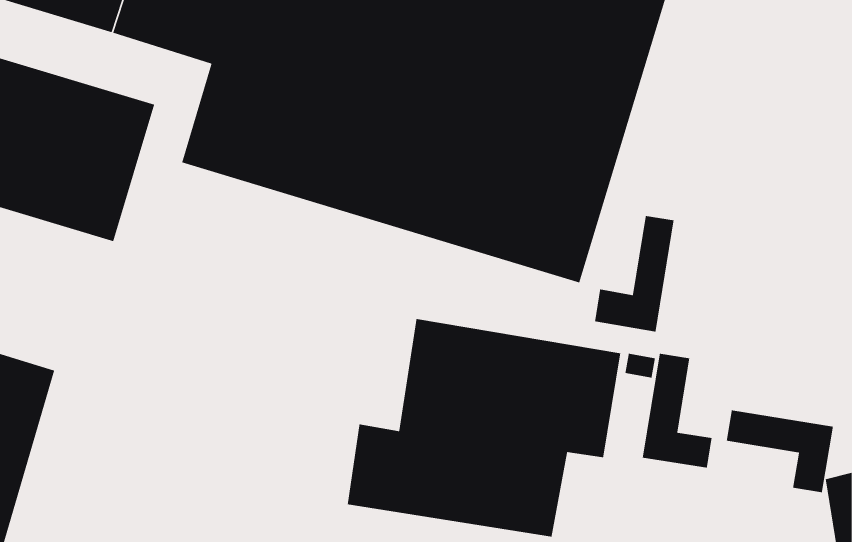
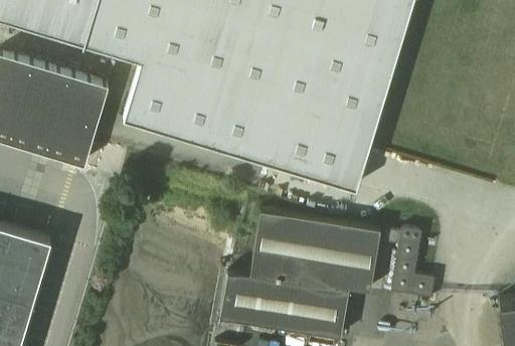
building: [594,215,675,332] -> none
building: [726,409,834,493] -> none

